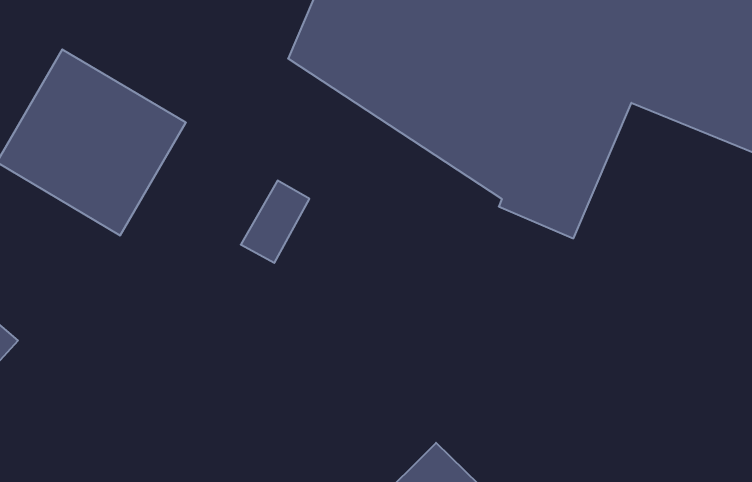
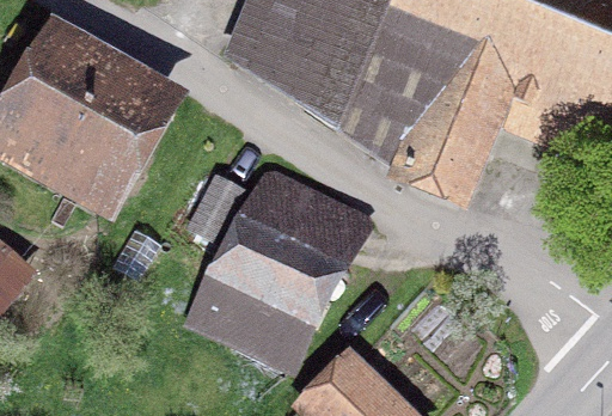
building: none -> [189,173,360,365]

